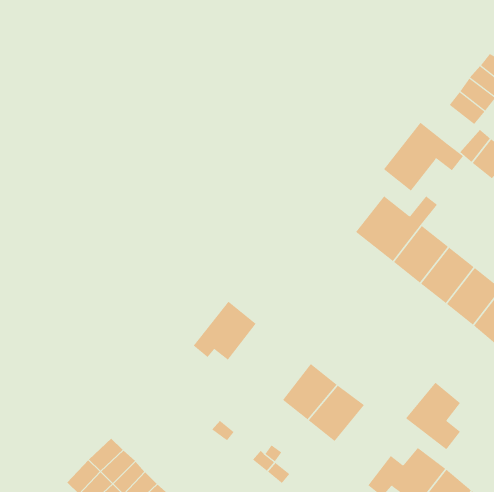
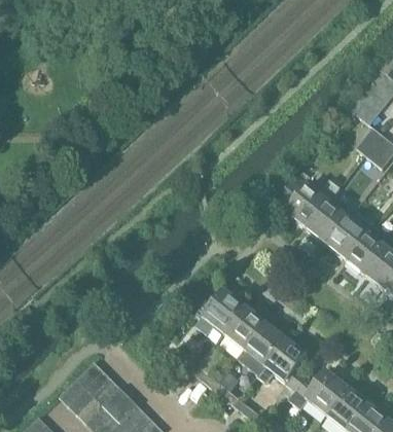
building: [383,122,464,191] -> none
building: [193,301,257,360] -> [196,289,245,334]
building: [405,382,461,462] -> [263,338,306,399]

